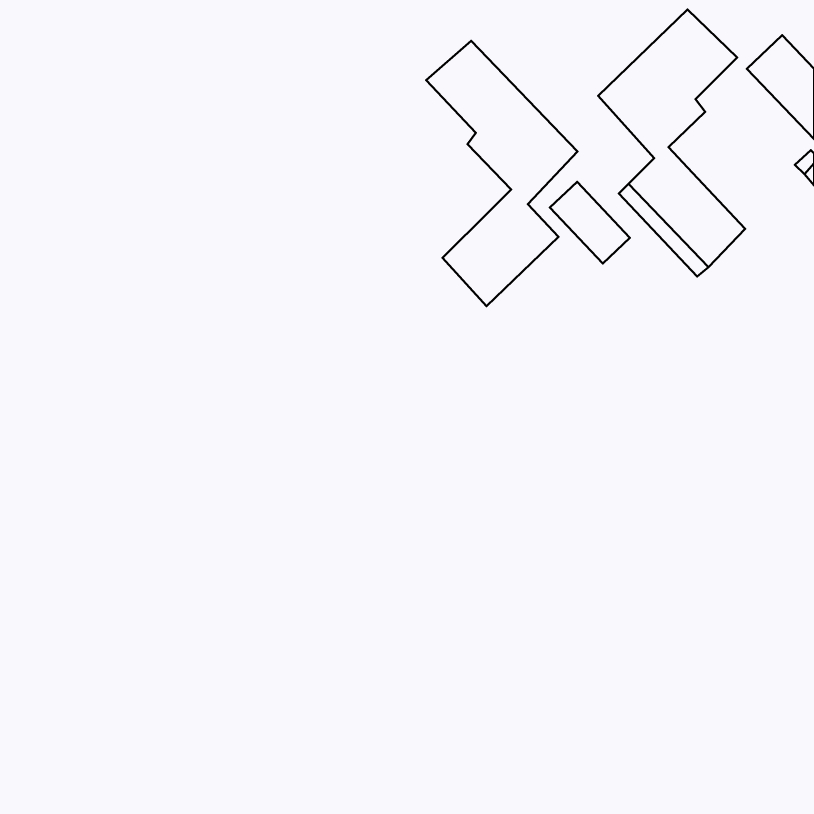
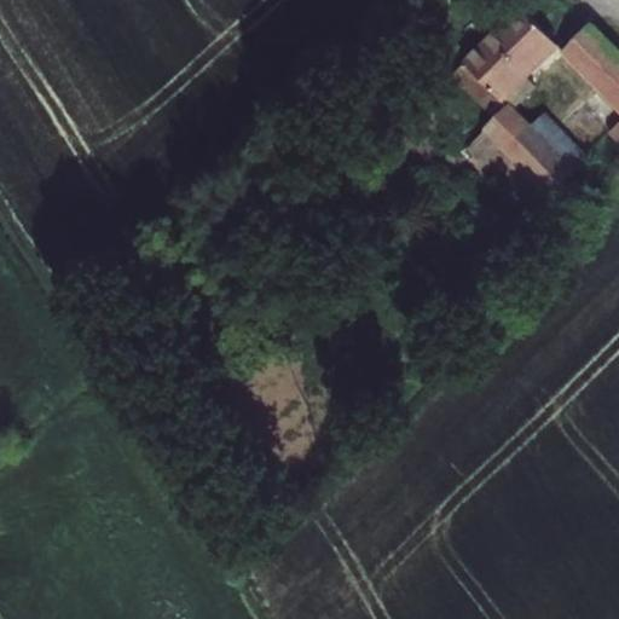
building: [426,41,578,306] -> none
building: [550,182,630,263] -> [523,111,584,173]

